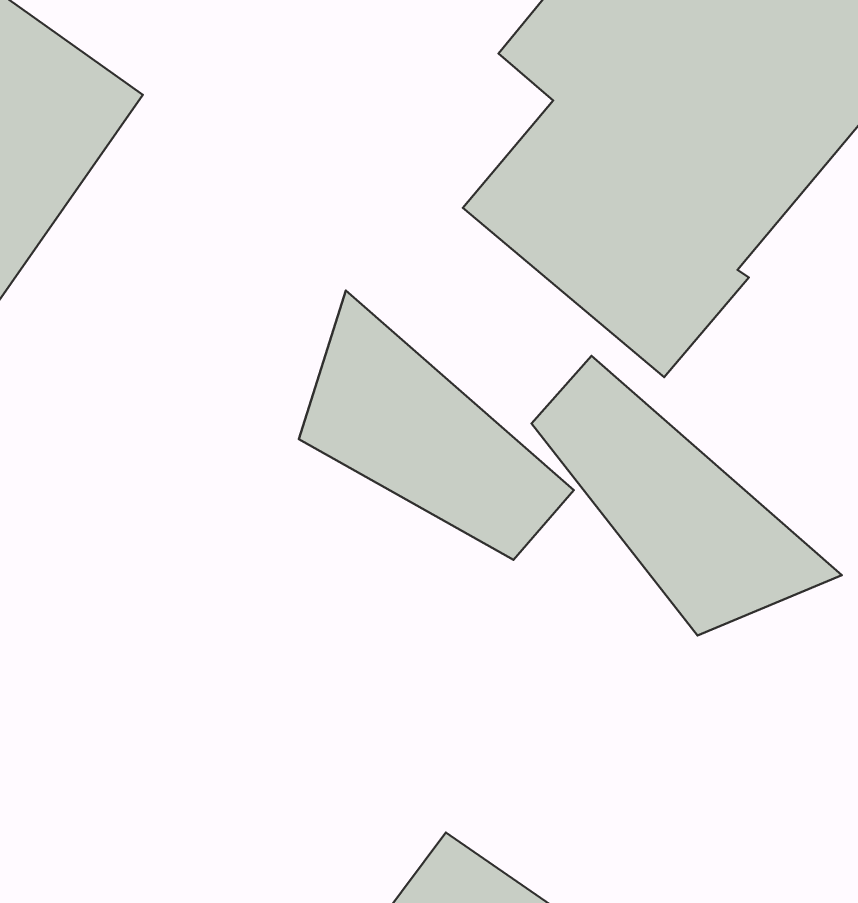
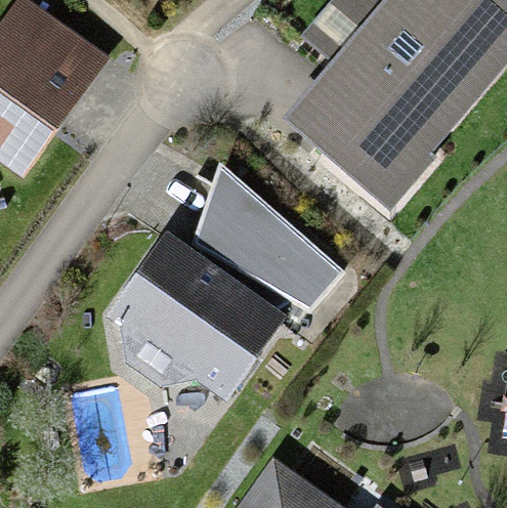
building: [531,356,842,635] -> none
building: none -> [112,232,286,403]

